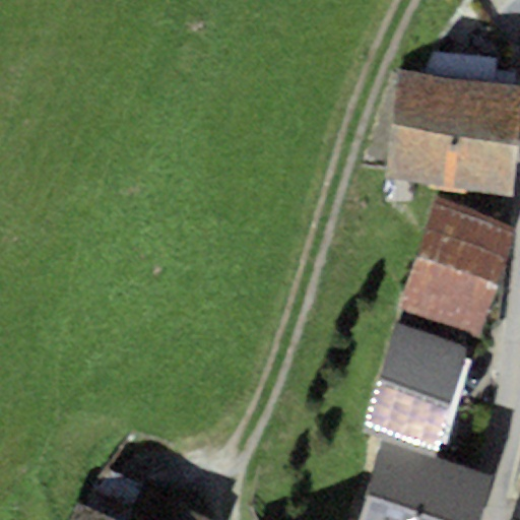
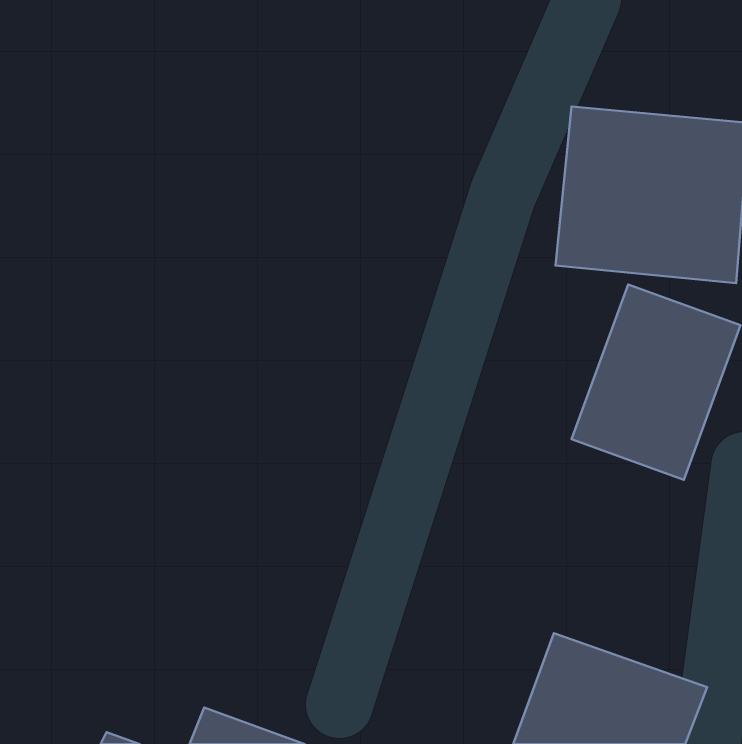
building: [369,327,464,446] -> none

